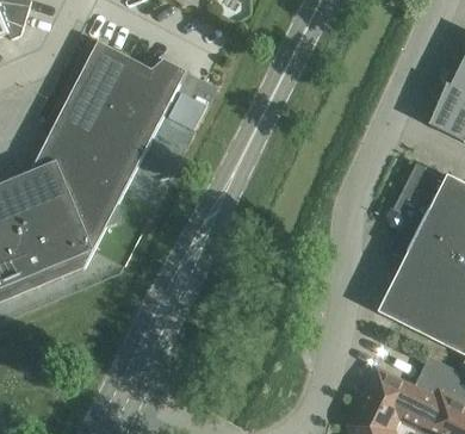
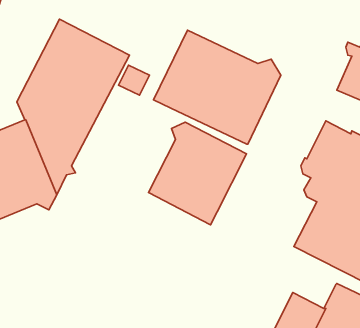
building: none -> [153,30,281,144]
building: none -> [149,122,246,225]

